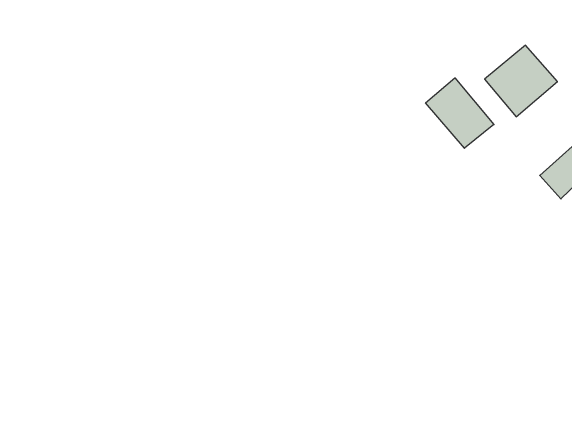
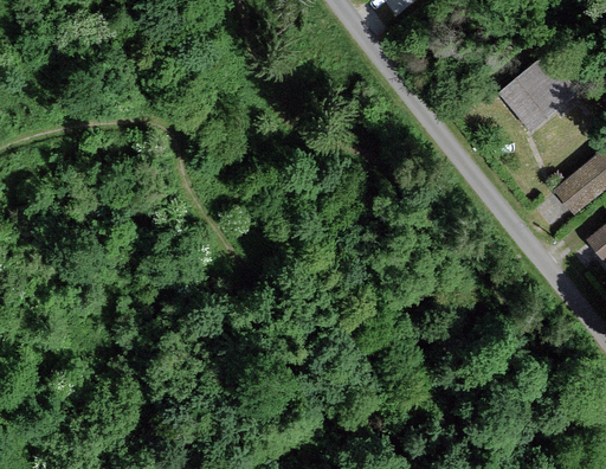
building: [426,78,494,148] -> none

